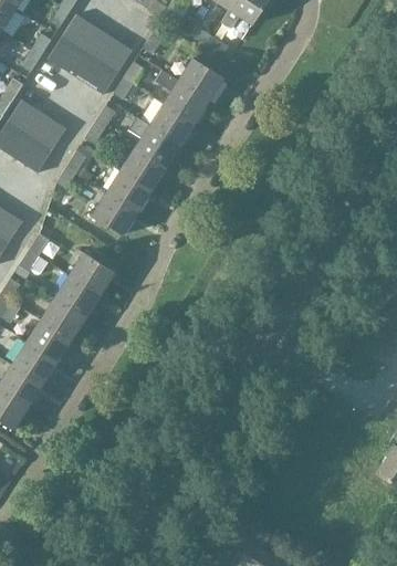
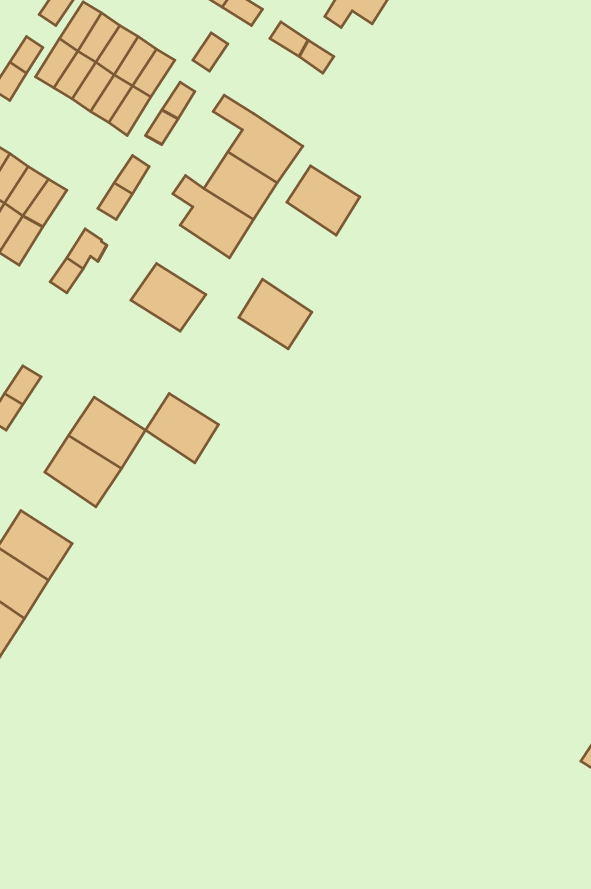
building: [179,59,223,101] -> [287,166,360,235]
building: [121,148,165,190] -> [239,279,312,349]
building: [91,193,135,235] -> [145,393,219,463]
building: [39,297,84,340] -> none

